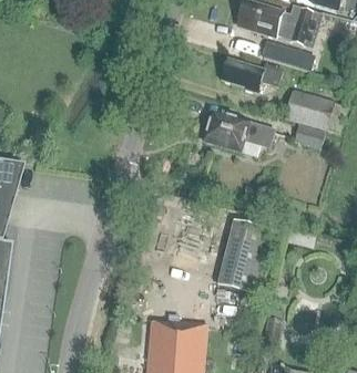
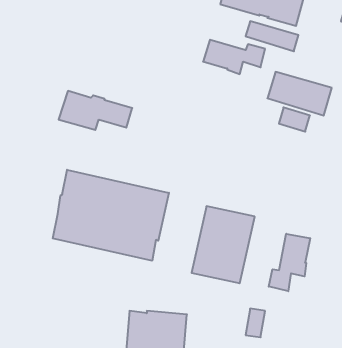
building: [204,112,275,149] -> [59,91,132,130]
building: none -> [53,170,169,261]
building: none -> [269,234,310,291]

